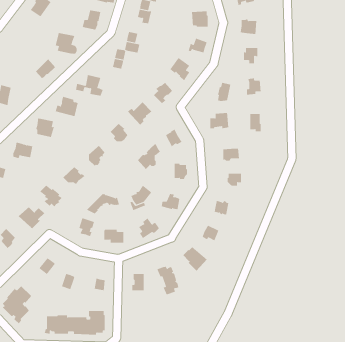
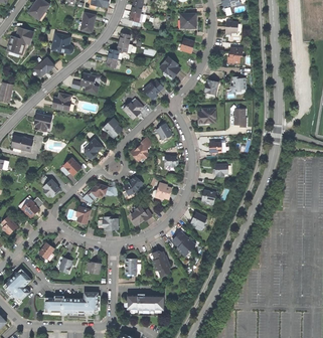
building: none -> [7,27,33,54]
building: none -> [127,294,165,316]

